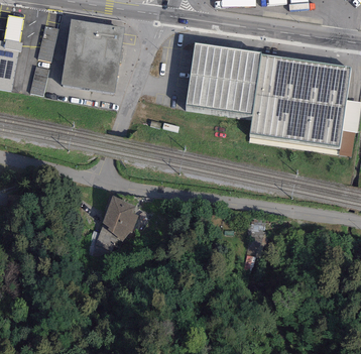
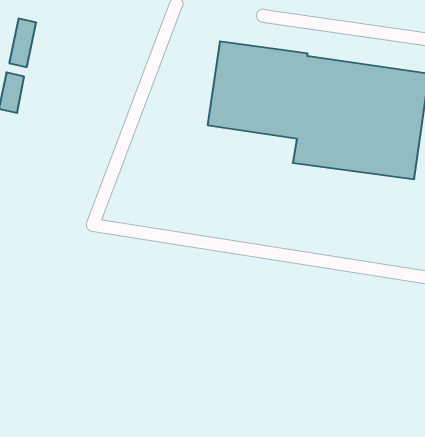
building: [61,18,123,92] -> none
building: [93,196,138,257] -> none

